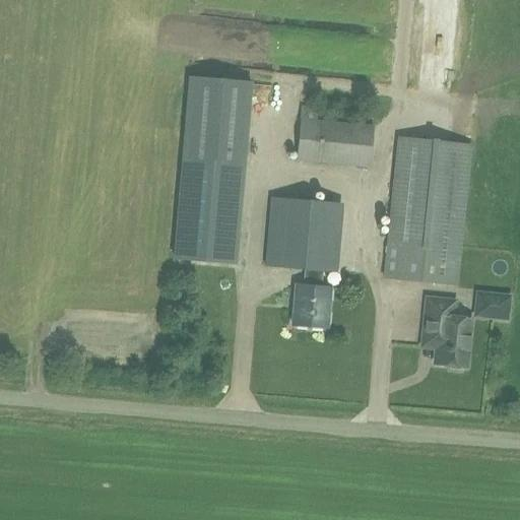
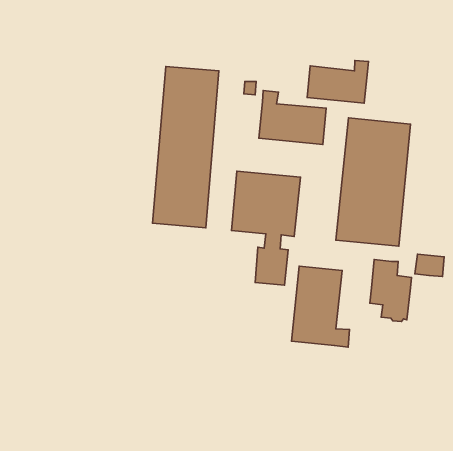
building: none -> [307,61,369,103]
building: none -> [291,266,350,347]

